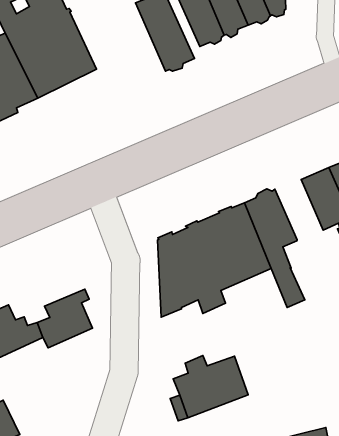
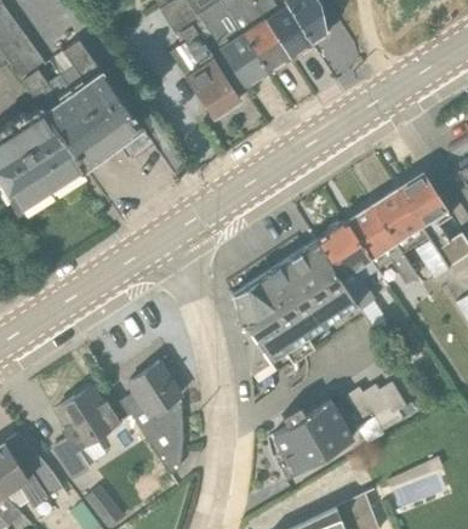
building: none -> [346,206,417,284]
building: none -> [141,400,182,473]
building: none -> [346,382,406,420]

